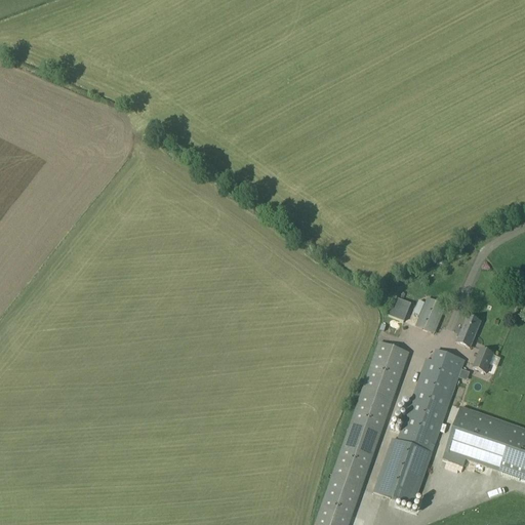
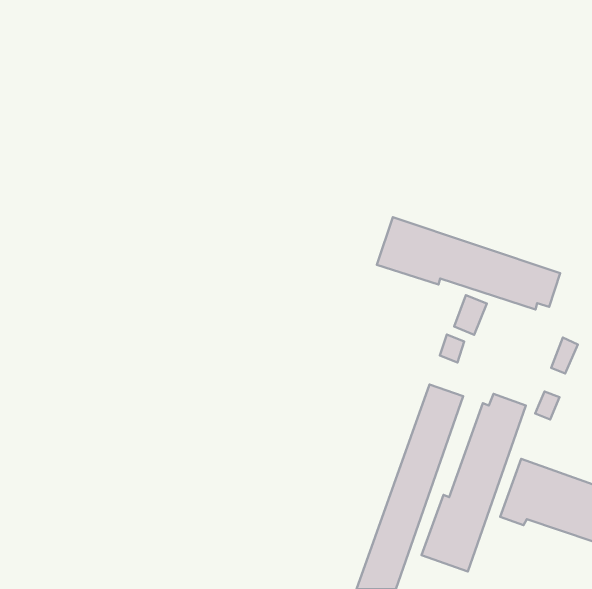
building: none -> [377,217,560,309]
building: [417,296,446,331] -> [454,295,487,335]
building: [458,314,482,346] -> [551,338,578,374]

